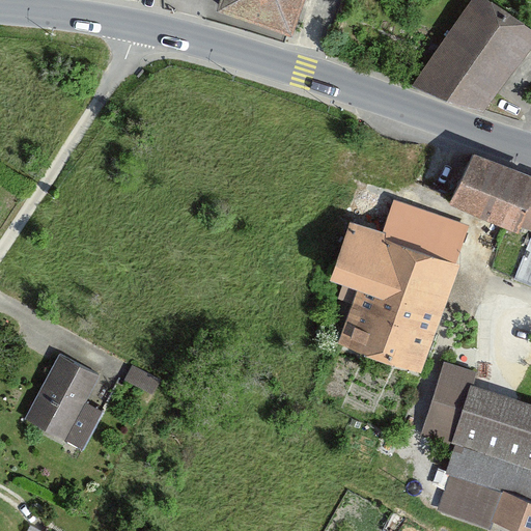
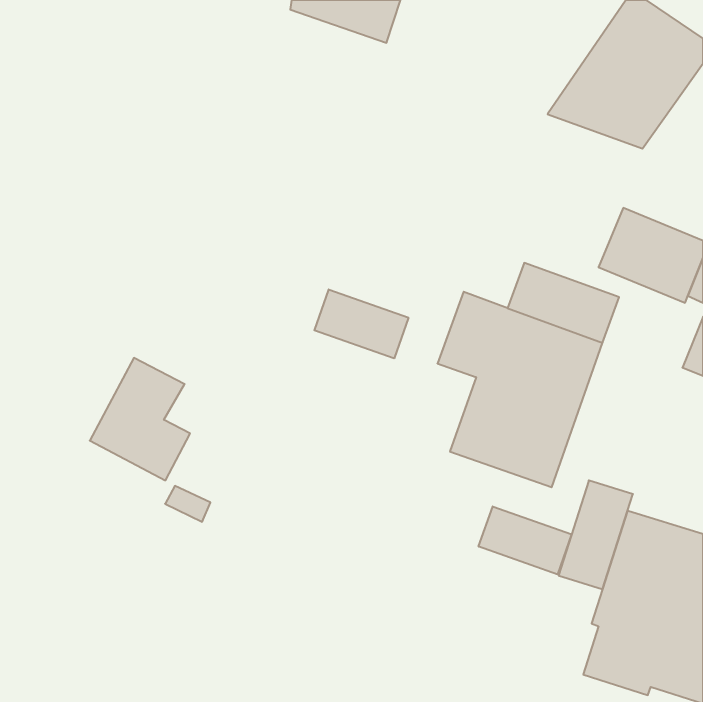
building: none -> [314,289,408,358]
building: [26,355,102,447] -> [90,358,190,480]
building: none -> [479,506,572,574]

